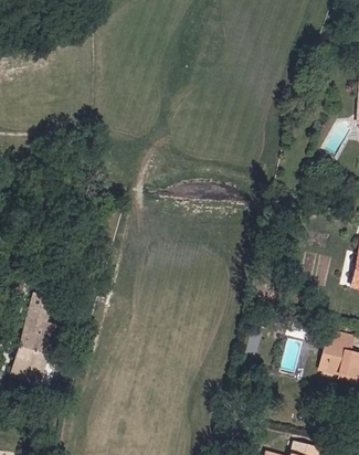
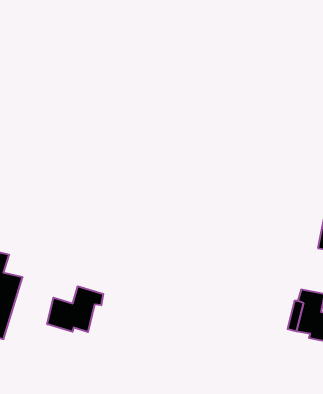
building: none -> [47,286,103,332]

